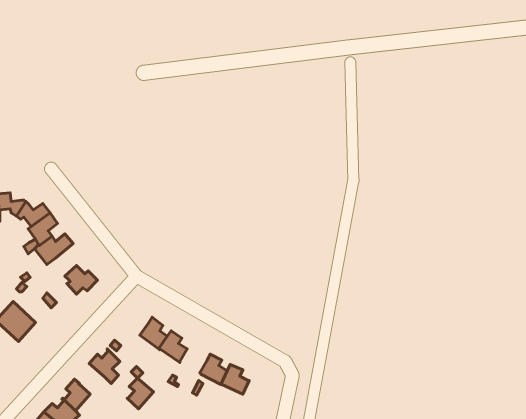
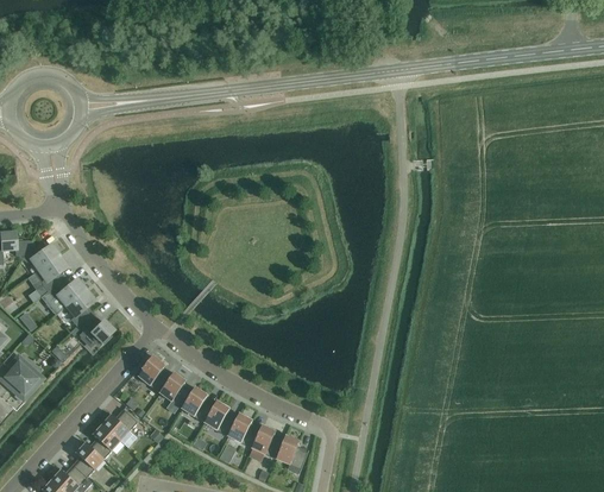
building: none -> [65,288,95,324]
building: none -> [139,354,170,392]
building: none -> [206,399,237,435]
building: none -> [277,434,309,473]
building: [127,378,153,409] -> [92,423,121,458]

